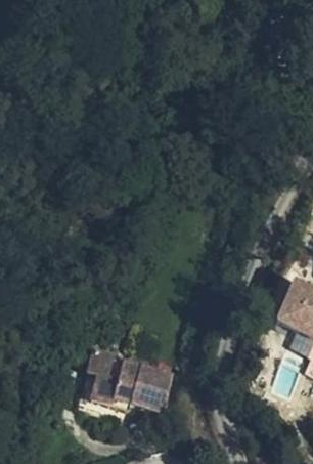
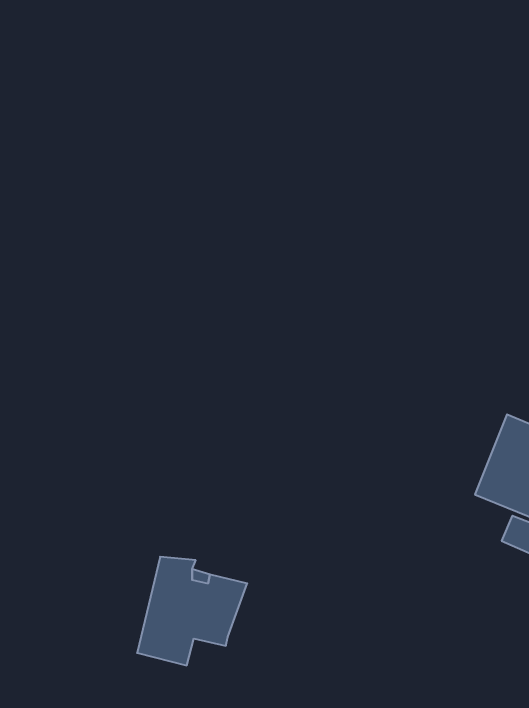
building: [133,366,174,410] -> none

